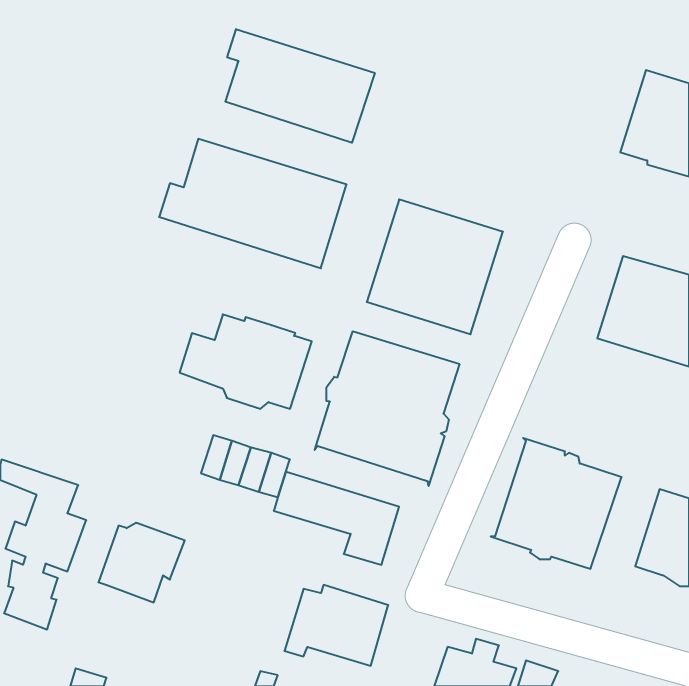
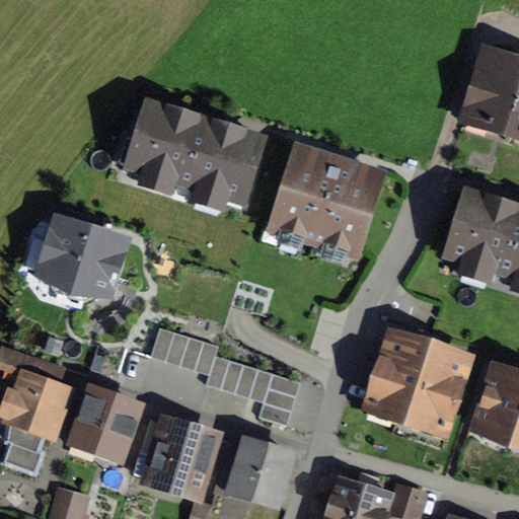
building: [225,29,375,143] -> none
building: [180,314,312,409] -> [24,222,124,293]
building: [315,331,459,486] -> none
building: none -> [134,420,223,492]

